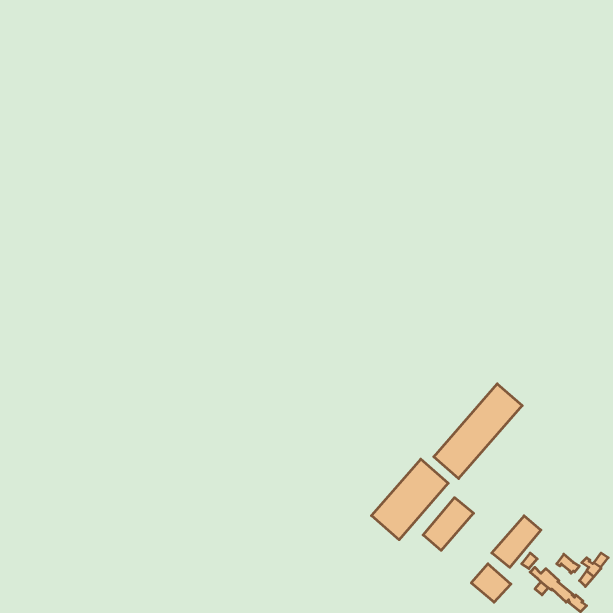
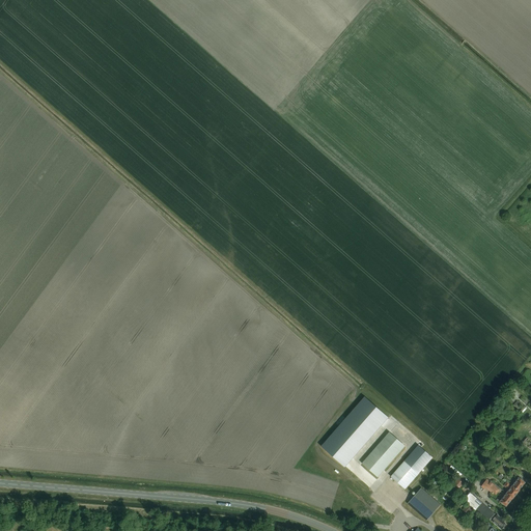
building: [434,384,522,479] -> none
building: [492,516,541,567] -> [389,444,431,488]

